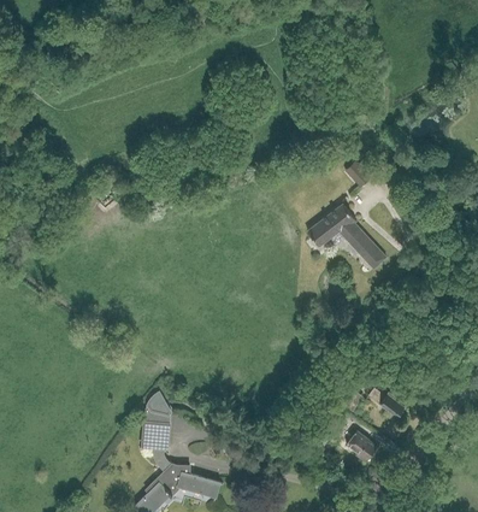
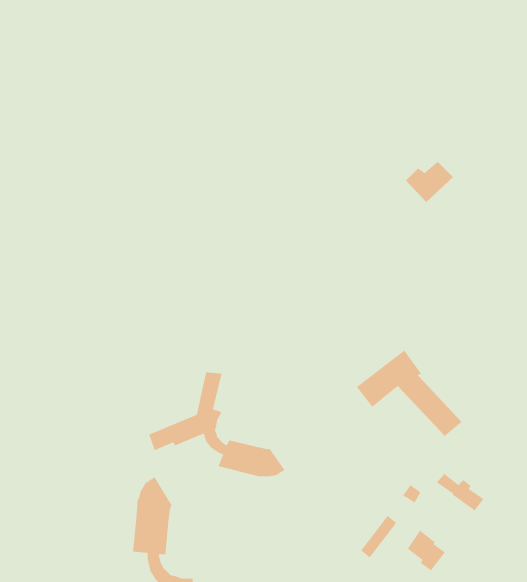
building: [307,205,386,270] -> [356,350,463,437]
building: none -> [148,371,285,477]

